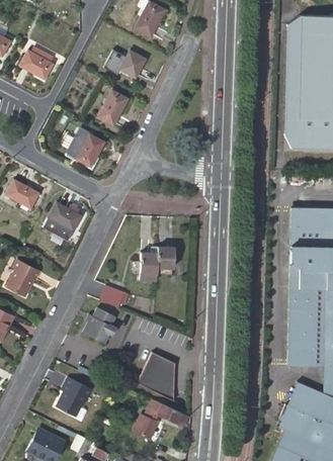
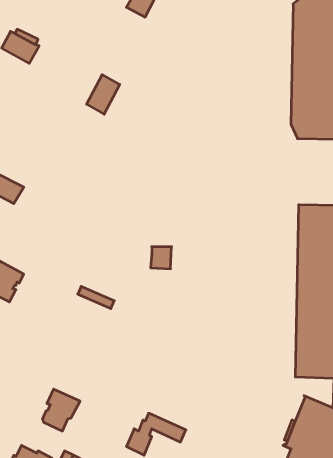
building: [119,51,145,78] -> none
building: [67,127,104,167] -> none
building: [48,202,82,232] -> none
building: [140,253,157,278] -> none
building: [83,306,117,342] -> none
building: [138,353,175,397] -> none

